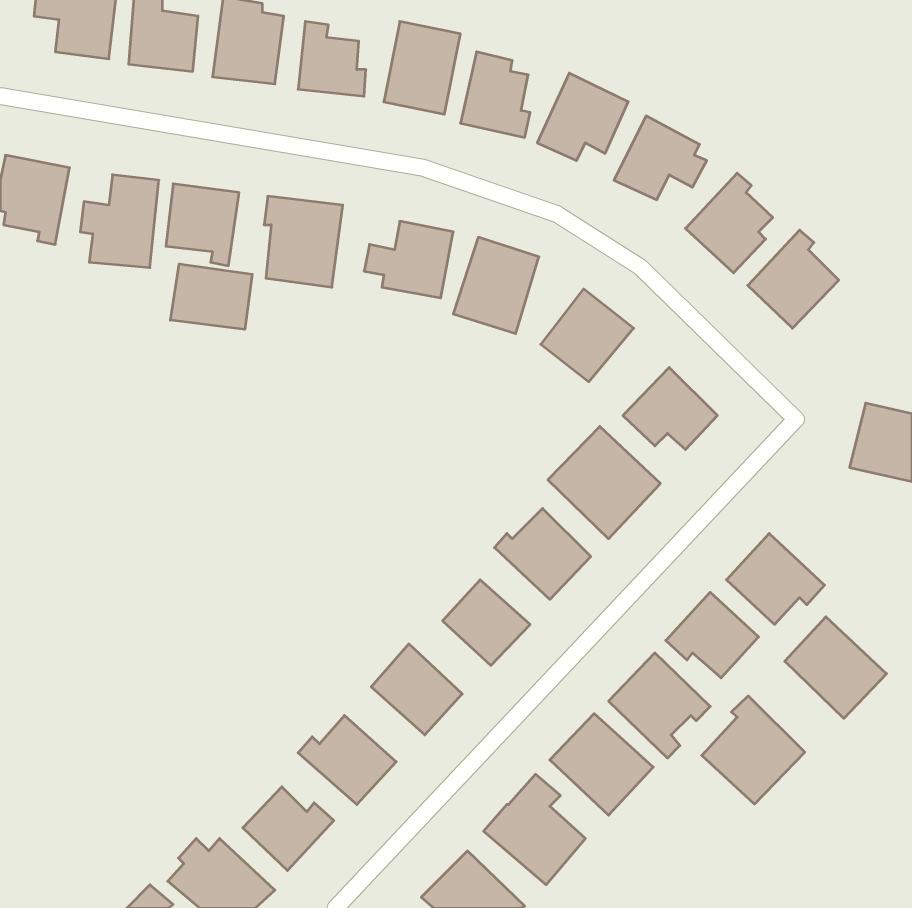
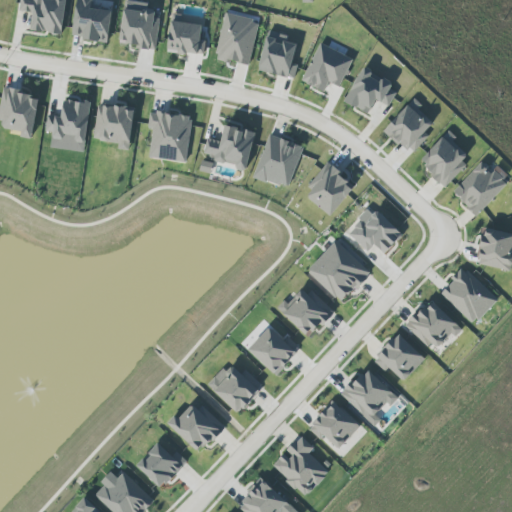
building: [170,264,252,329] -> none
building: none -> [452,160,507,214]
building: [785,617,887,718] -> [440,266,497,323]
building: [702,696,805,804] -> none

